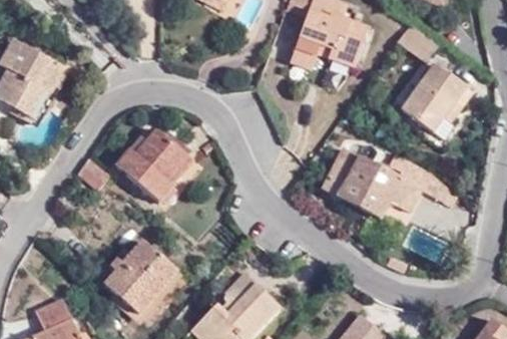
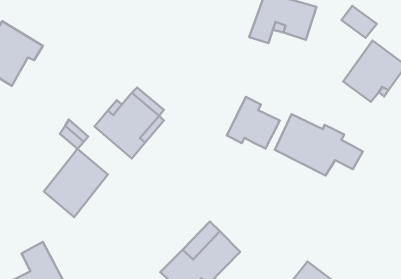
building: none -> [227,97,280,149]
building: [387,153,450,204] -> none
building: [107,237,179,314] -> [44,149,108,217]

